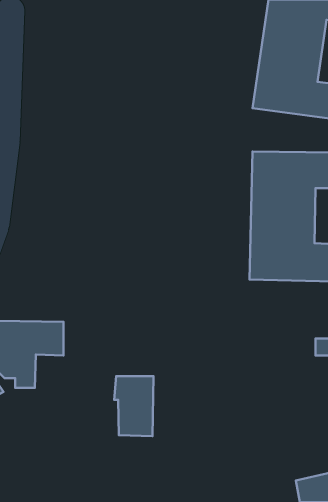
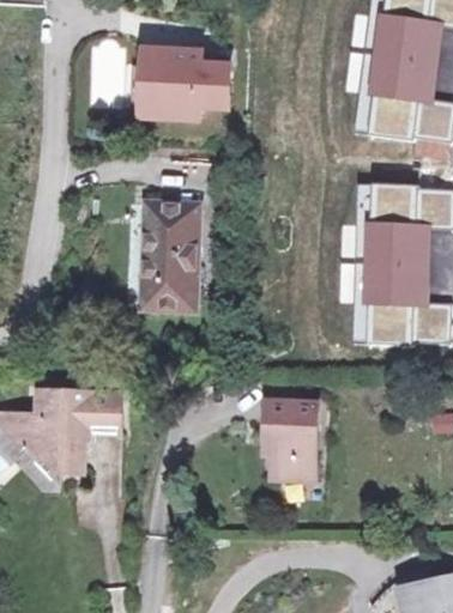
building: none -> [140,54,231,121]
building: none -> [141,205,197,309]
building: [114,376,153,436] -> [267,399,315,472]

